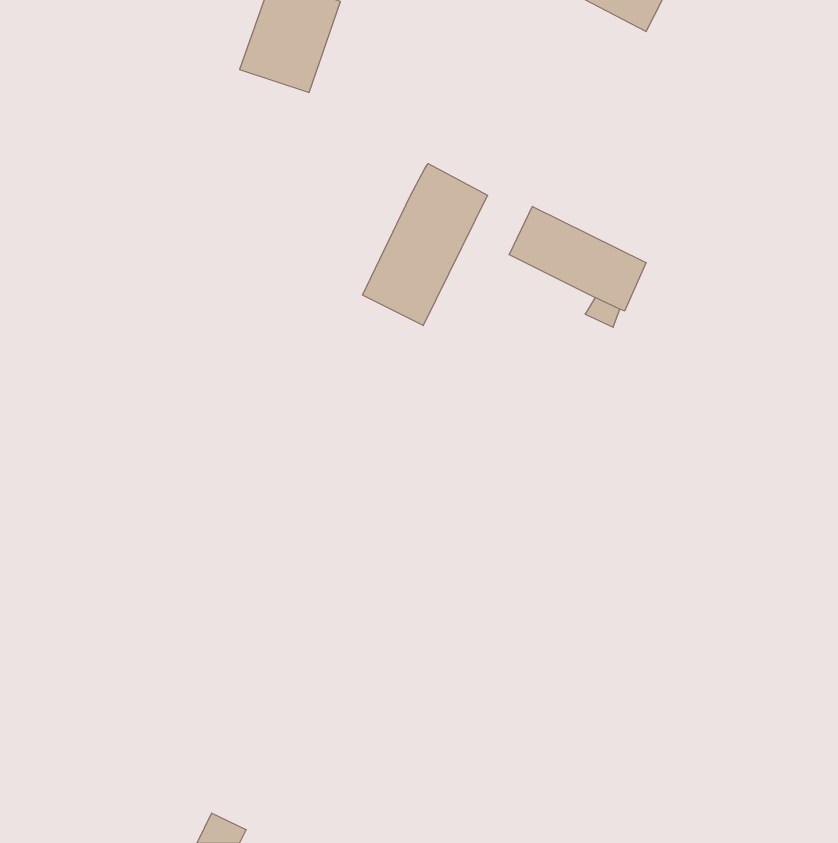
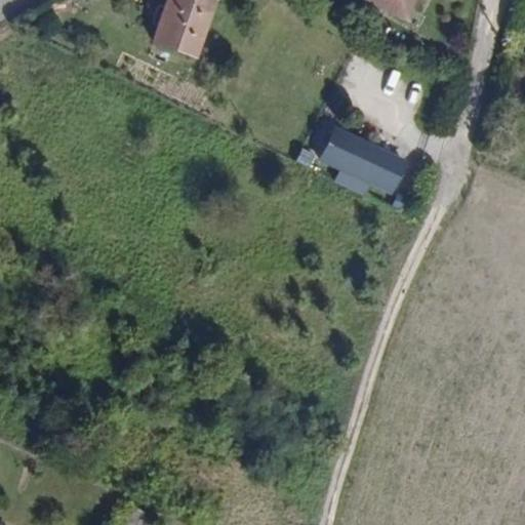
building: [362,164,488,326] -> none

